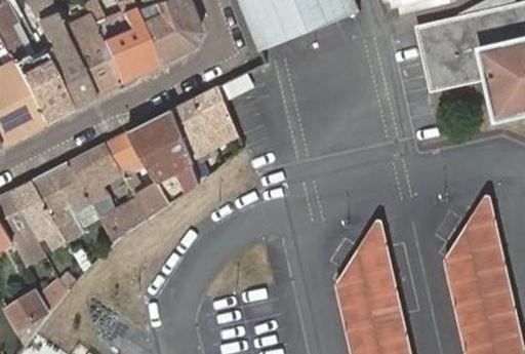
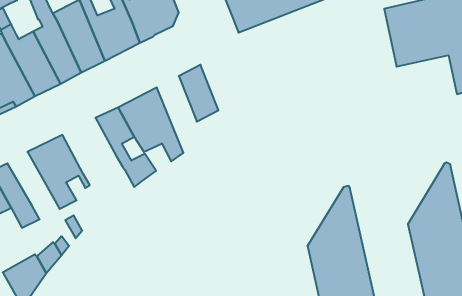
building: [172,99,215,182] -> none
building: [70,144,148,242] -> none
building: [10,181,67,247] -> none

